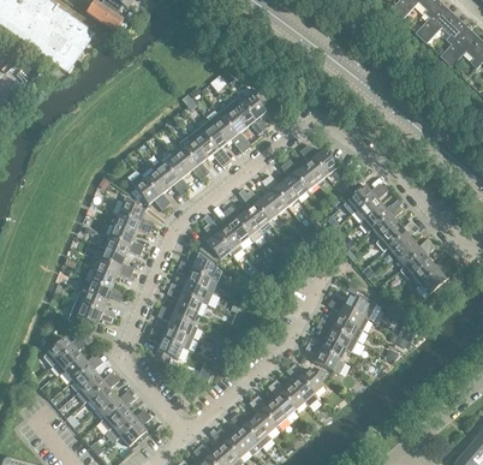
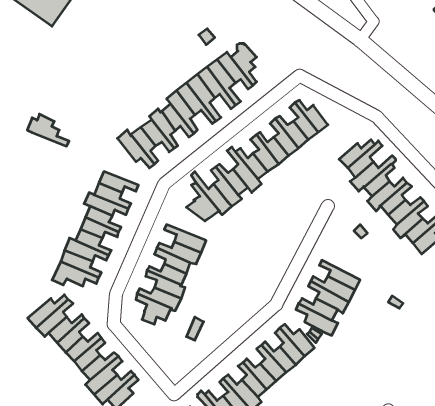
building: [113,196,154,227] -> [27,114,69,146]
building: [179,251,222,281] -> none
building: [330,293,377,320] -> none

